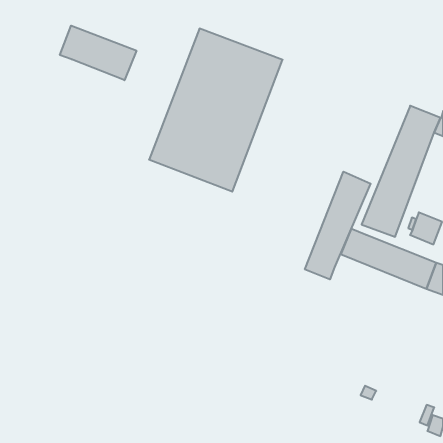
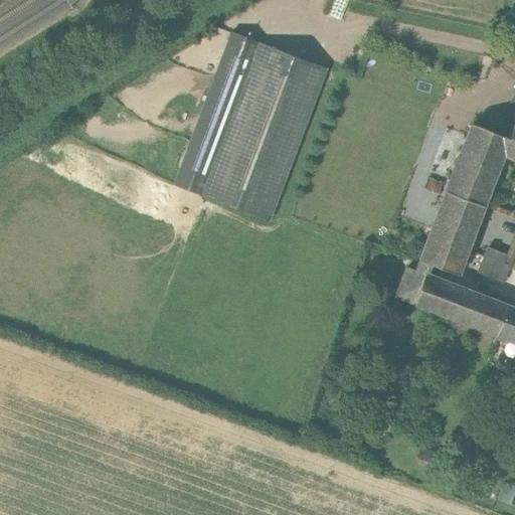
building: [60,26,136,80] -> none
building: [305,172,371,279] -> none

